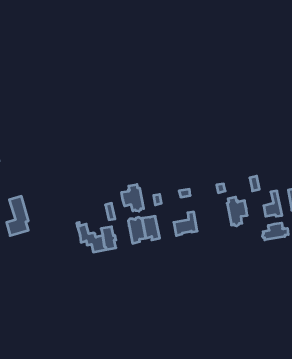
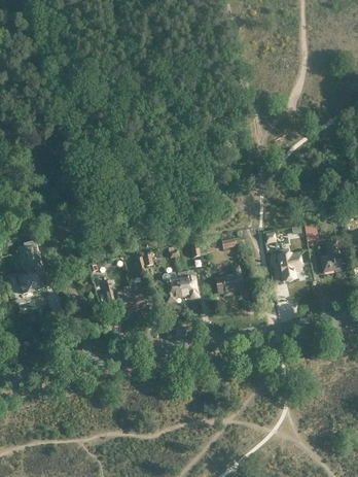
building: [122,184,144,211] -> none
building: [262,223,288,240] -> none

